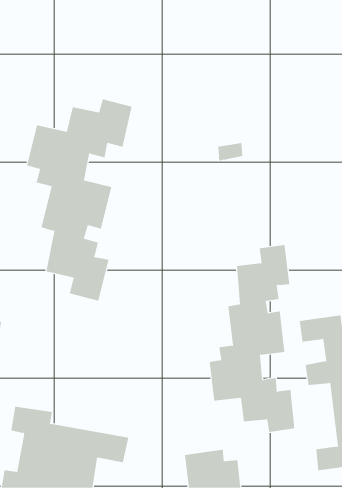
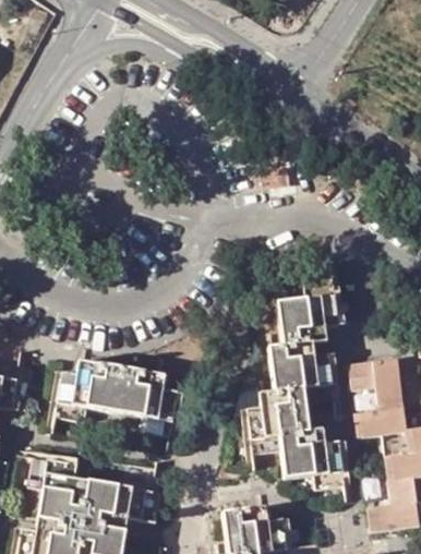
building: [27,98,132,301] -> none
building: none -> [55,363,175,436]

